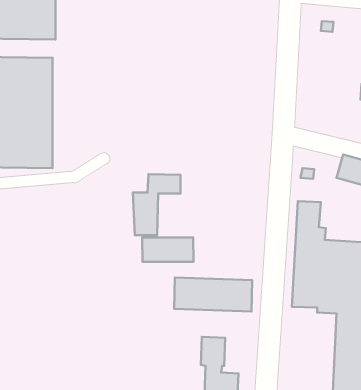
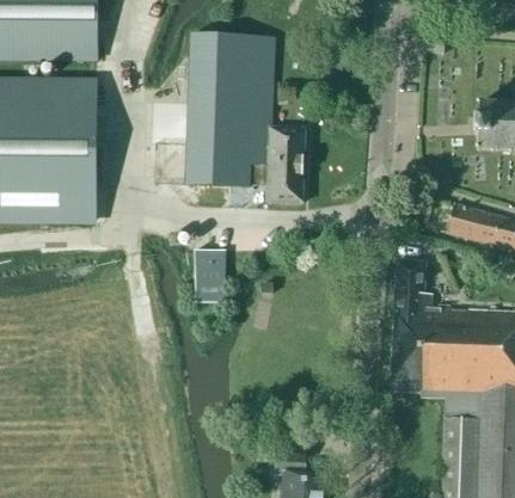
building: none -> [189,33,304,202]
building: [142,238,194,262] -> none
building: [174,278,252,312] -> none

